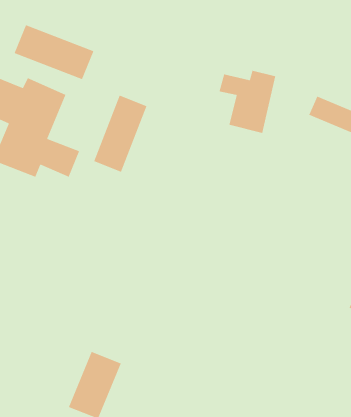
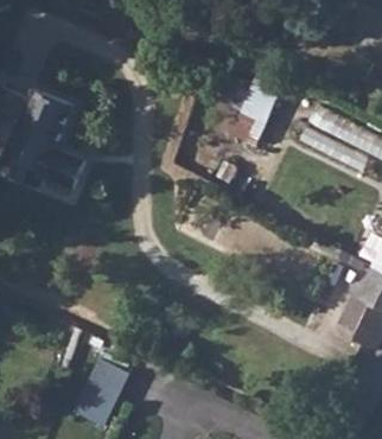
building: [14,24,94,80] -> none
building: [93,94,147,173] -> none

